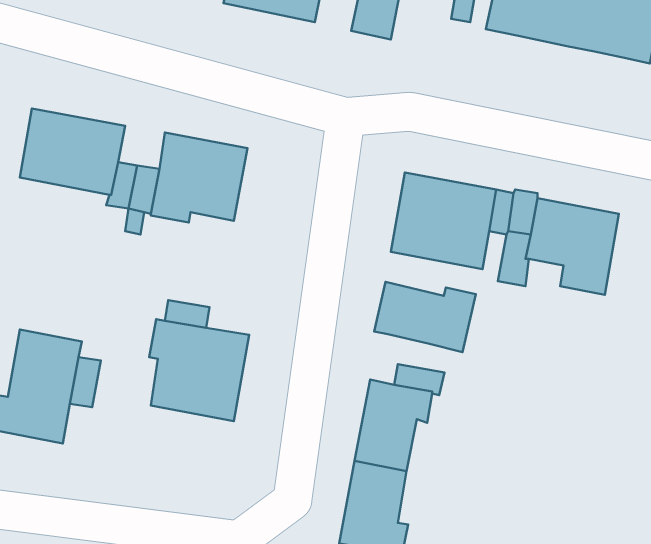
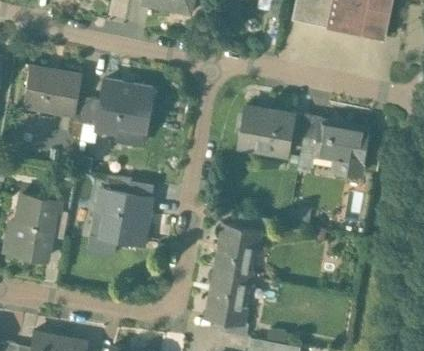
building: [374,282,476,352] -> none

